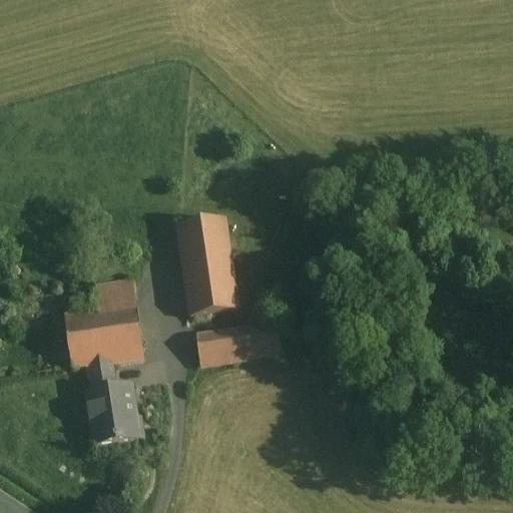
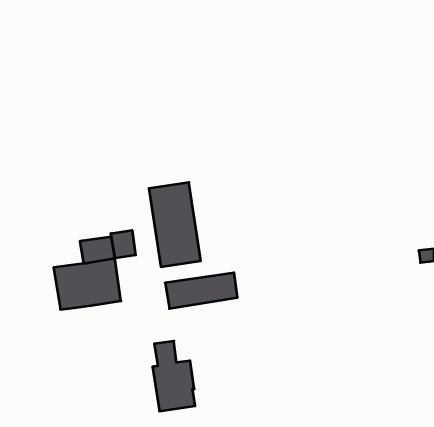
building: none -> [111,230,136,258]
building: [85,359,135,441] -> [153,341,195,411]

